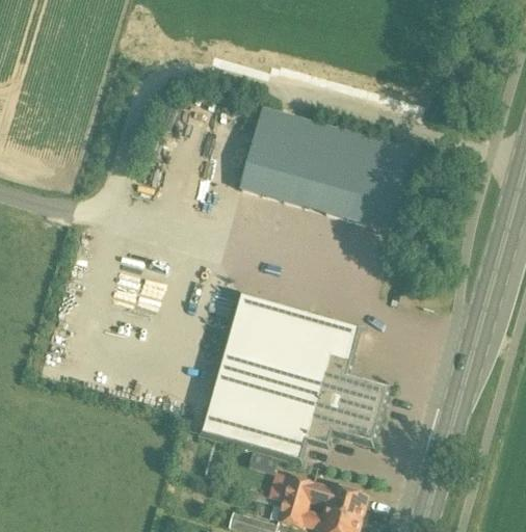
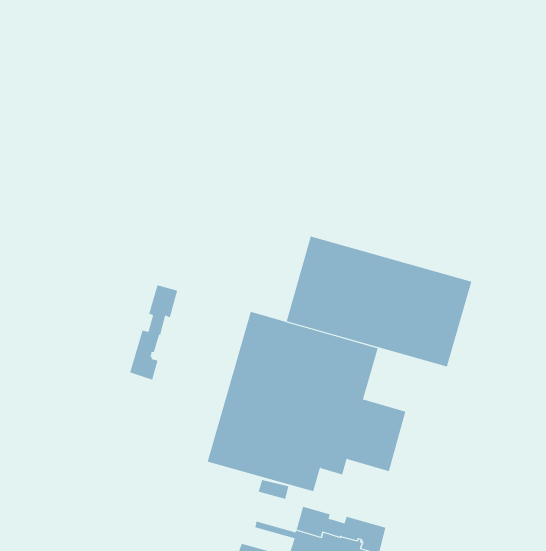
building: [237,107,411,230] -> [286,236,472,367]
building: none -> [129,284,178,380]

